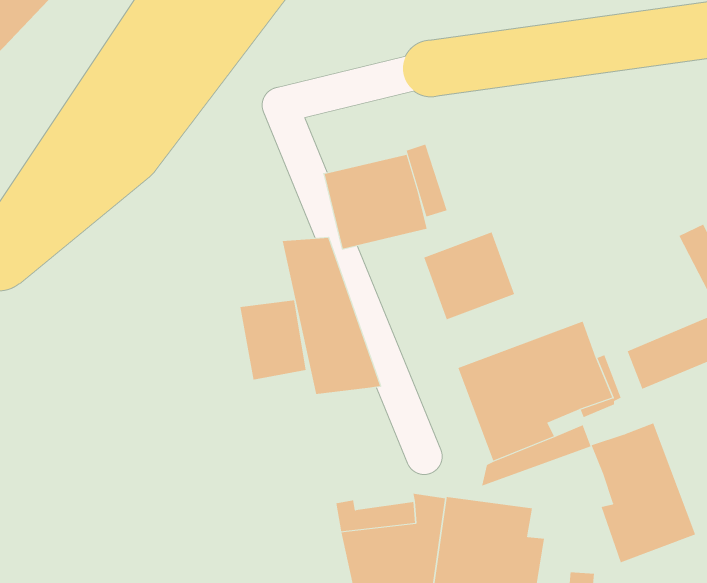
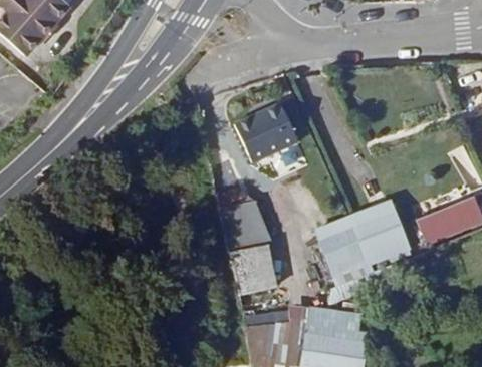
building: [424,232,515,320] -> none
building: [240,300,307,380] -> [229,242,269,290]
building: [591,422,696,563] -> none

